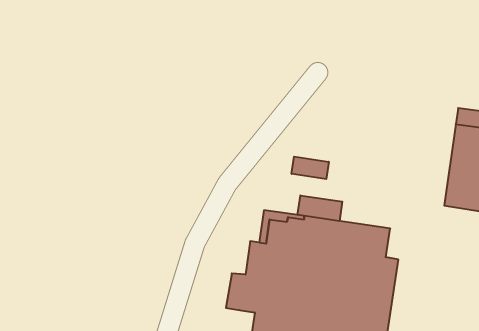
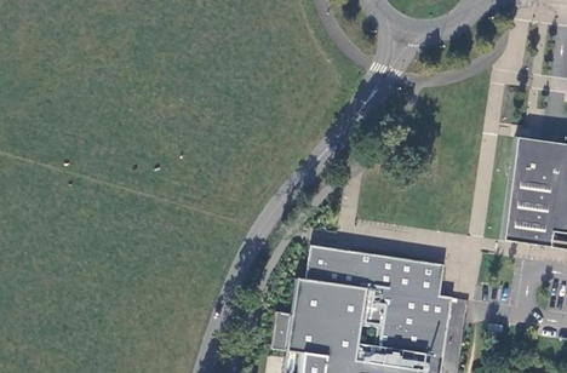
building: [292,157,329,179] -> none
building: [298,195,342,221] -> none

